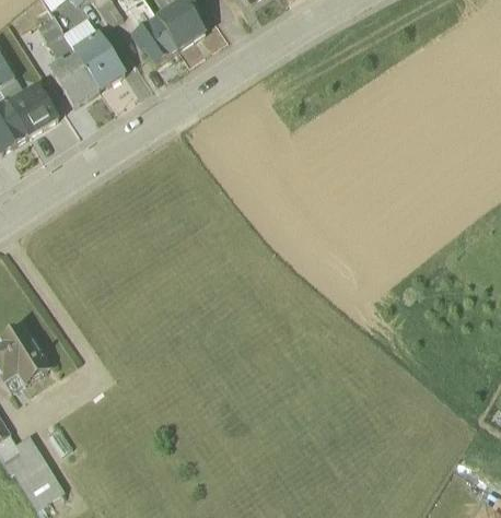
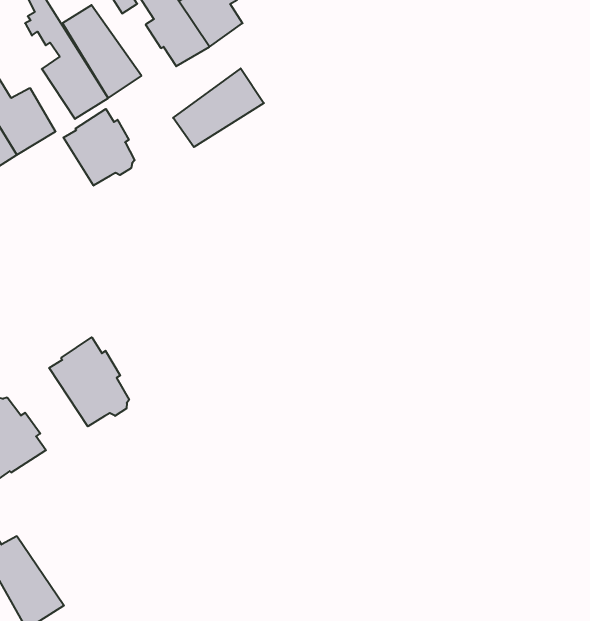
building: none -> [173,68,264,147]
building: none -> [63,109,135,186]
building: none -> [49,337,129,426]

